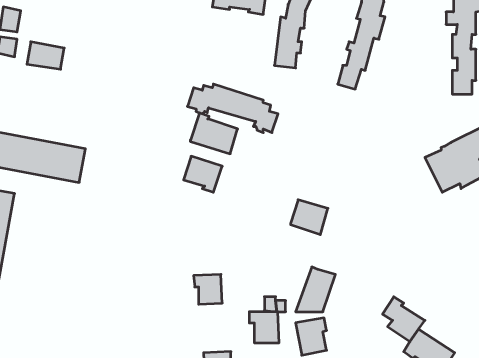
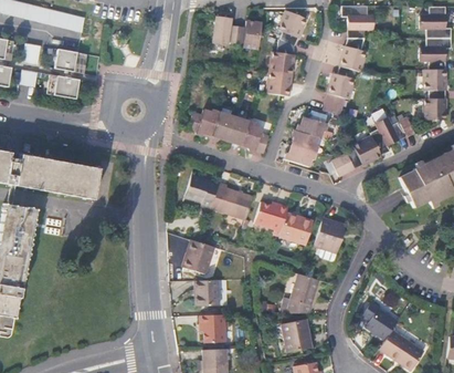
building: none -> [55,49,87,72]
building: none -> [330,116,415,177]
building: none -> [285,118,329,166]
building: [190,113,238,154] -> [212,183,254,219]
building: none -> [255,203,289,235]
building: none -> [316,218,345,260]
building: none -> [184,239,215,273]
building: [249,312,279,343] -> [200,314,226,342]

